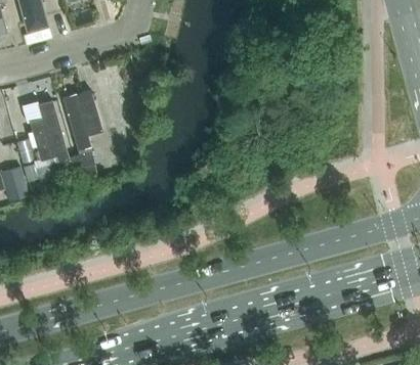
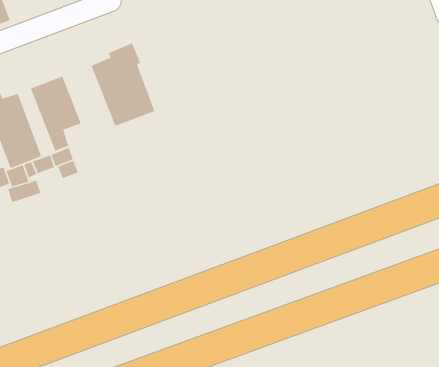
building: none -> [91,42,155,127]

